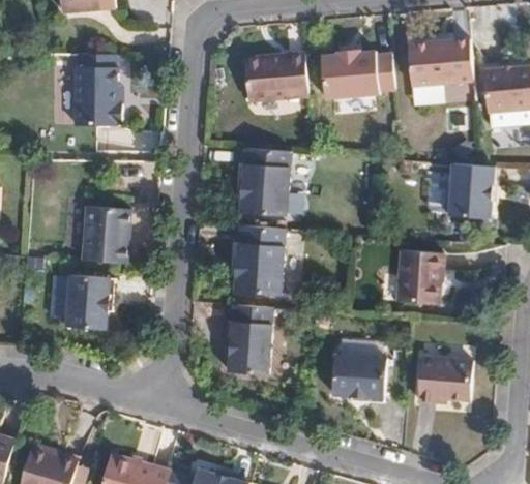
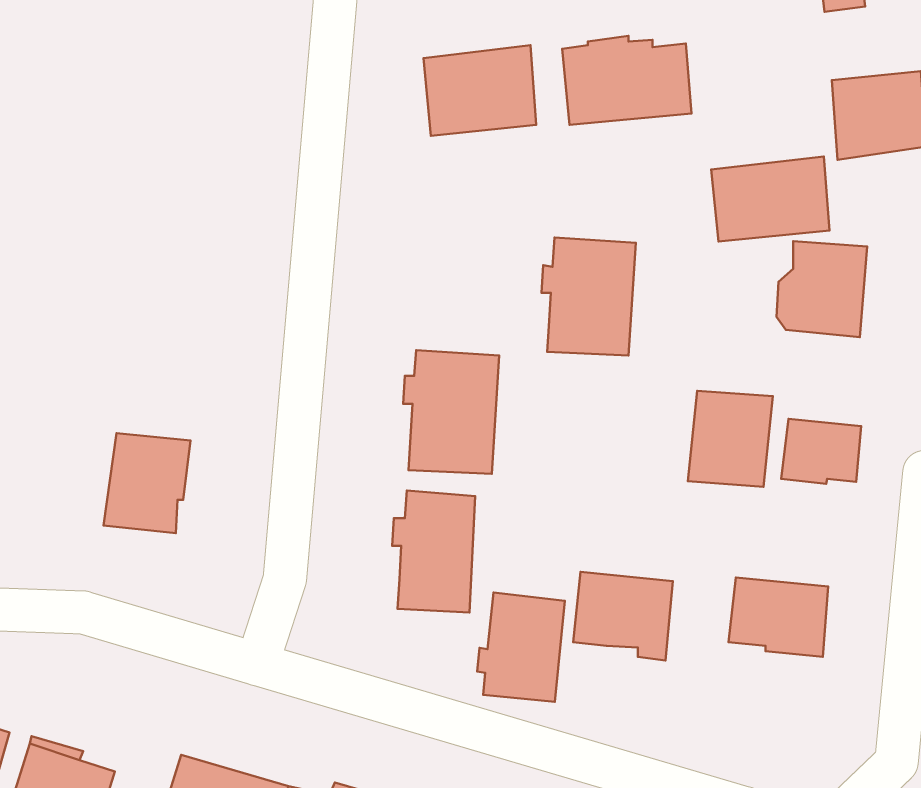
building: [394,41,461,89] -> [711,156,829,241]
building: [73,68,120,128] -> none
building: [239,149,292,215] -> [541,237,636,356]
building: [81,206,129,262] -> none
building: none -> [781,419,861,484]
building: none -> [477,592,565,702]

